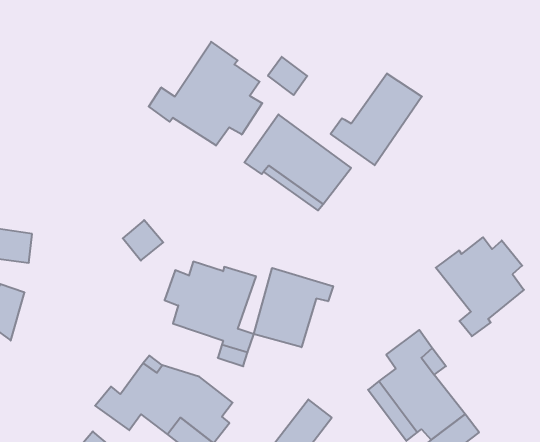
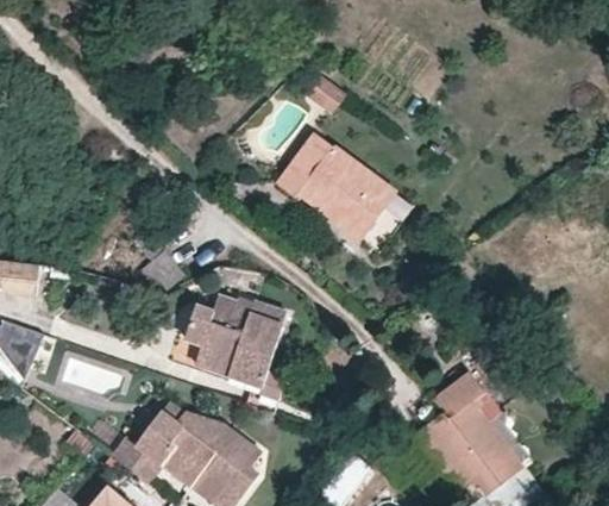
building: [149,42,262,146] -> none
building: [331,73,422,165] -> none
building: [436,237,524,336] -> none
building: [254,268,333,347] -> none

